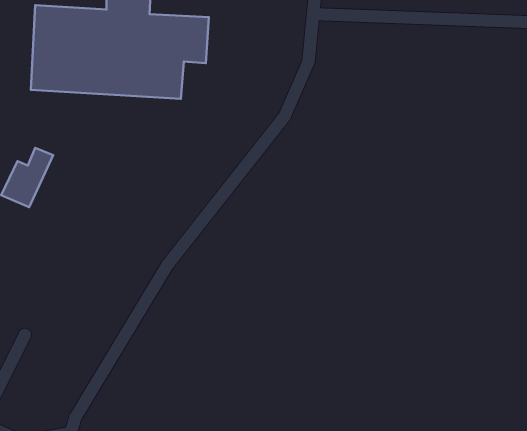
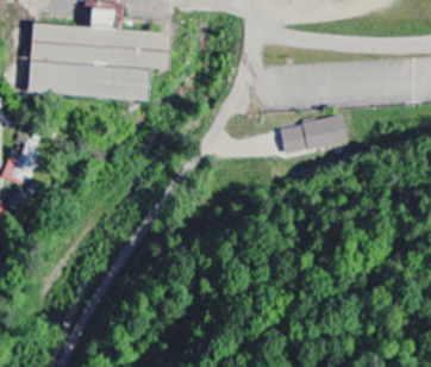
building: none -> [281,116,351,156]

